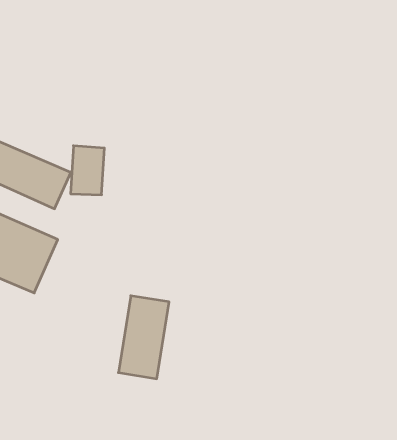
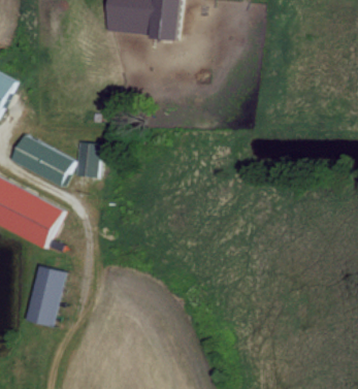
building: [118,296,169,379] -> [25,265,65,327]

